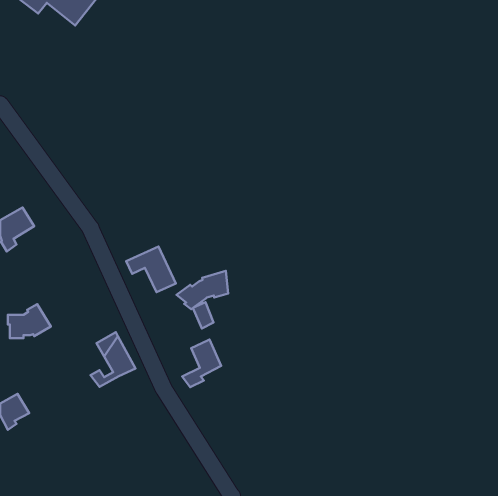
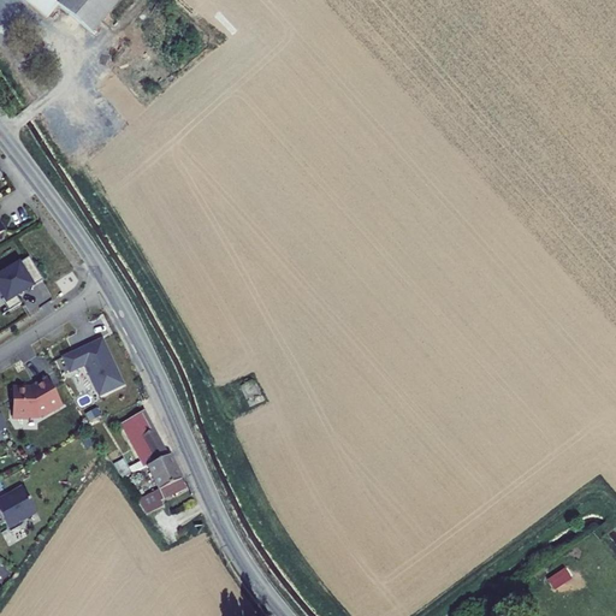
building: [126,247,176,292] -> [61,338,123,395]
building: [176,271,228,309] -> none
building: [182,339,221,387] -> [136,454,184,513]

